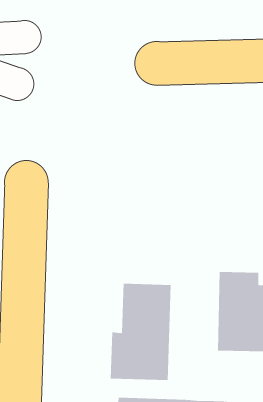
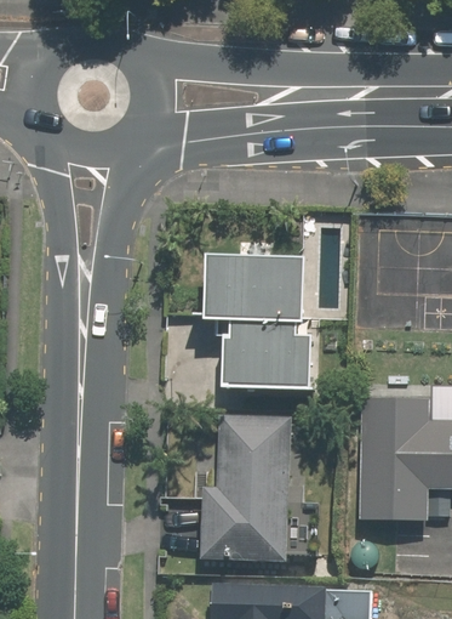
building: none -> [205,250,310,387]

